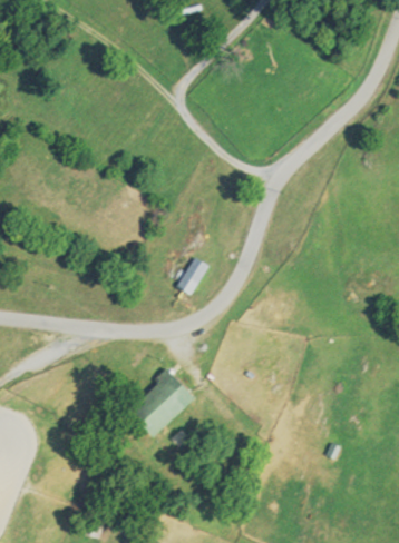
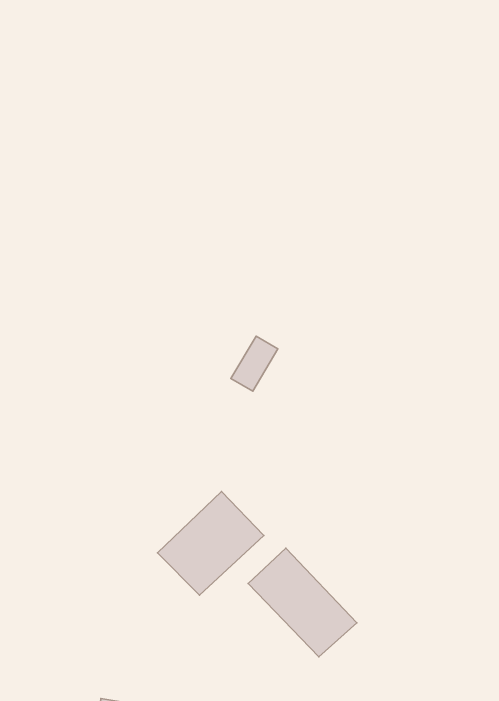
building: none -> [248,548,357,657]

